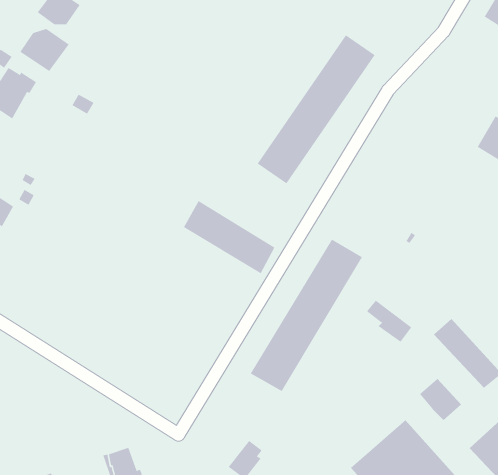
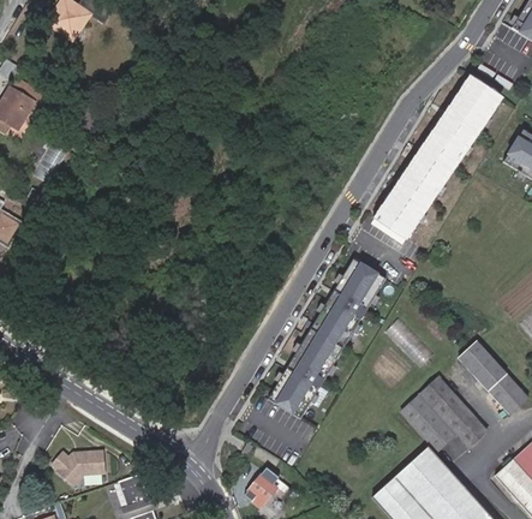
building: [20,28,69,72] -> none
building: [257,35,376,184] -> [377,86,501,243]
building: [183,200,275,274] -> none
building: none -> [399,376,461,452]
building: none -> [52,448,103,478]

